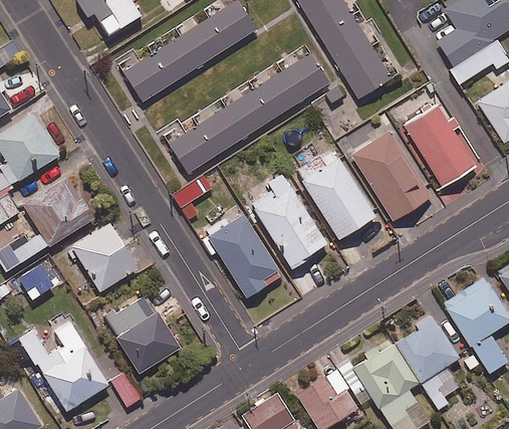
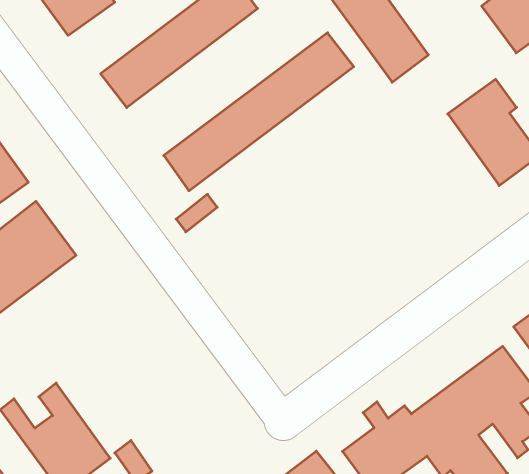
building: [350,132,429,221] -> none
building: [295,146,375,239] -> none
building: [245,173,326,267] -> none
building: [208,213,281,296] -> none
building: [71,223,137,291] -> none
building: [104,293,179,373] -> none

